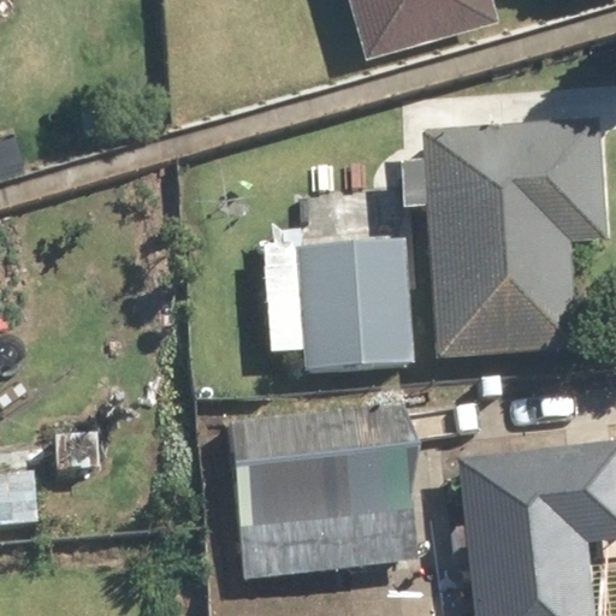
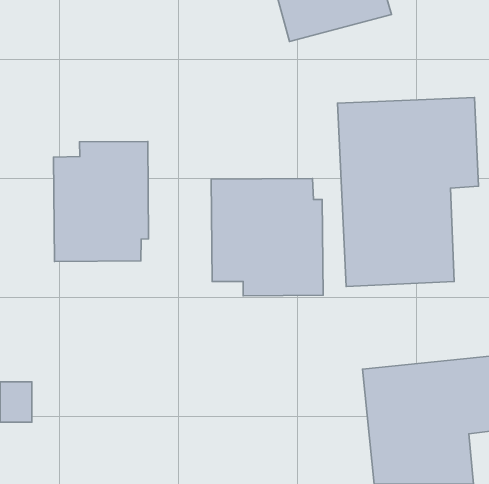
building: none -> [53,141,149,262]
building: [241,411,413,570] -> none

